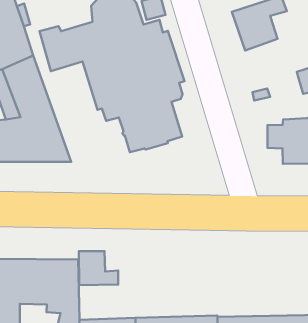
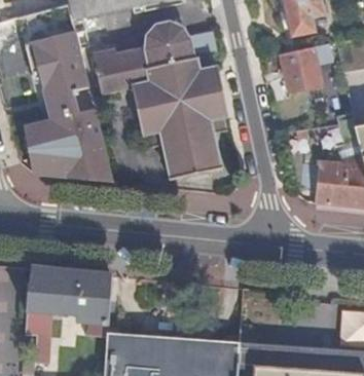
building: [79,251,118,285] -> none

